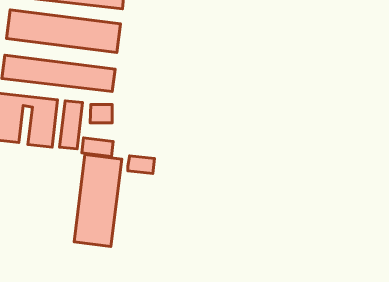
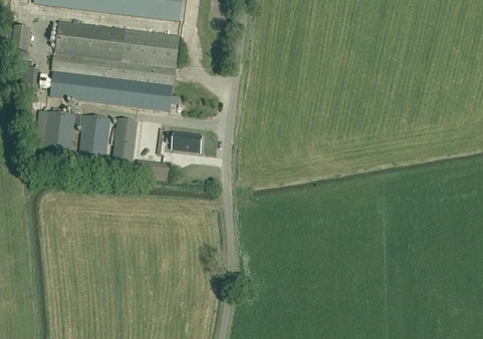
building: none -> [52,54,174,84]
building: [74,155,122,246] -> none
building: [128,156,155,173] -> [172,133,201,152]

